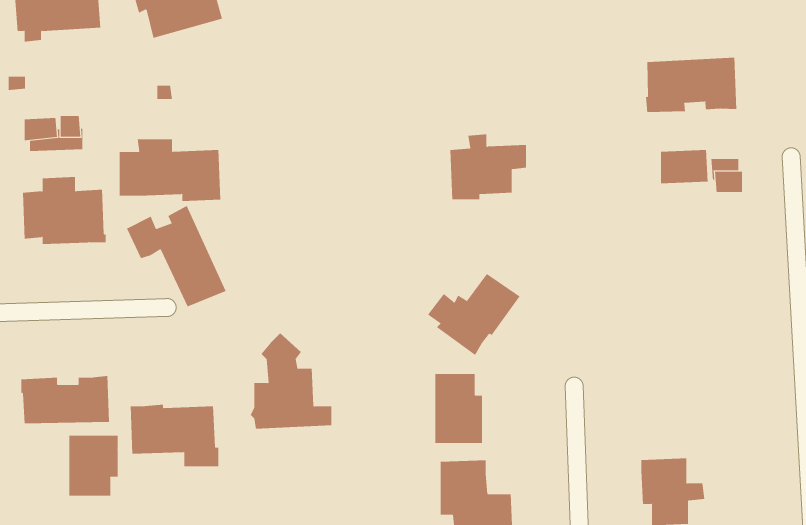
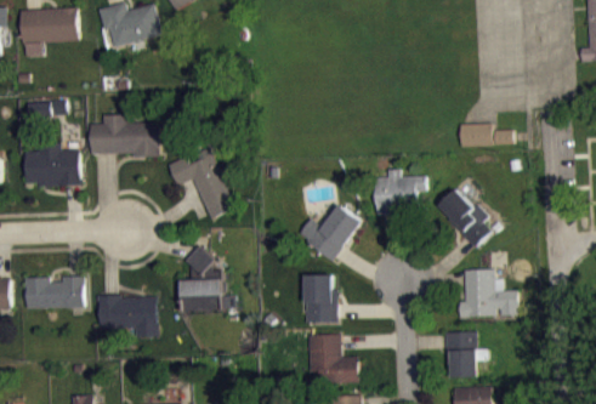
building: [646,57,737,113] -> none
building: [450,134,527,200] -> [373,169,425,214]
building: [126,205,227,307] -> [168,148,235,217]
building: none -> [437,188,489,247]
building: none -> [456,269,518,317]
building: [69,435,118,497] -> none

